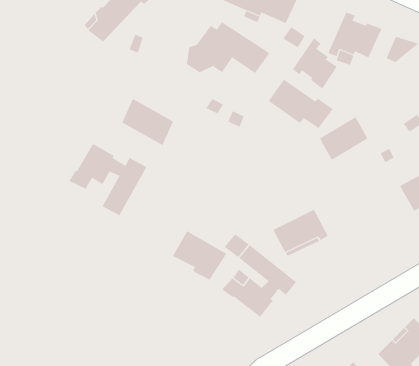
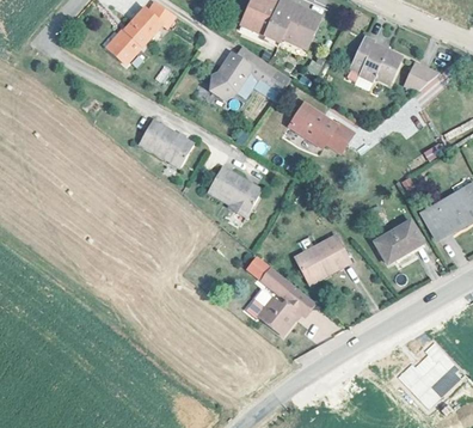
building: [292,38,337,89] -> none
building: [319,117,368,160] -> [373,216,420,259]
building: [69,143,147,216] -> none
building: [172,231,227,280] -> [214,171,268,220]

